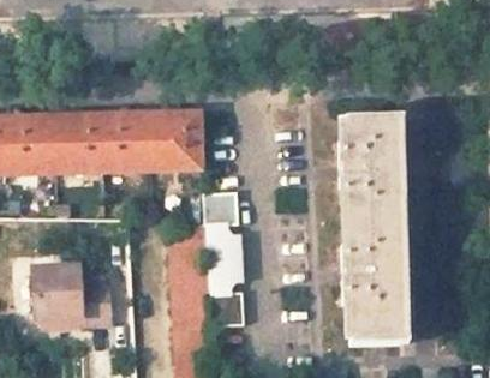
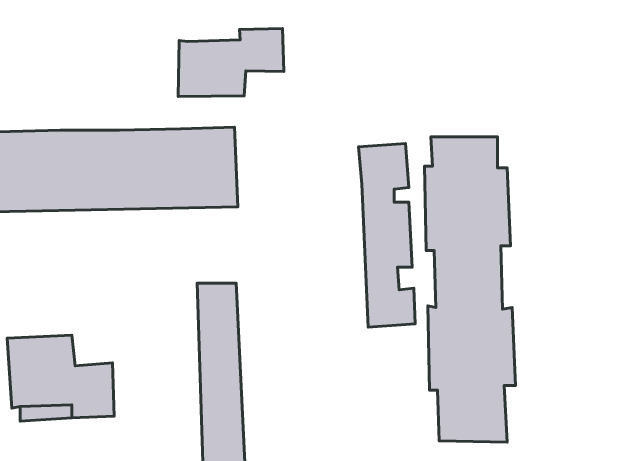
building: none -> [178,29,284,97]
building: [202,191,244,326] -> [358,144,415,327]

